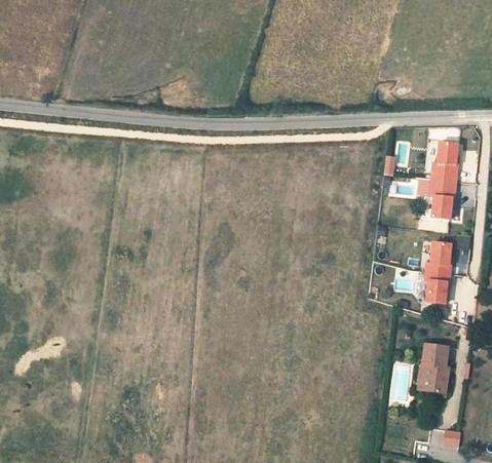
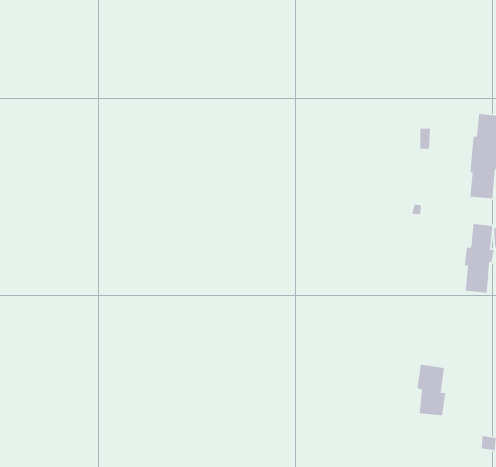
building: [413,344,440,391] -> [417,364,446,416]

